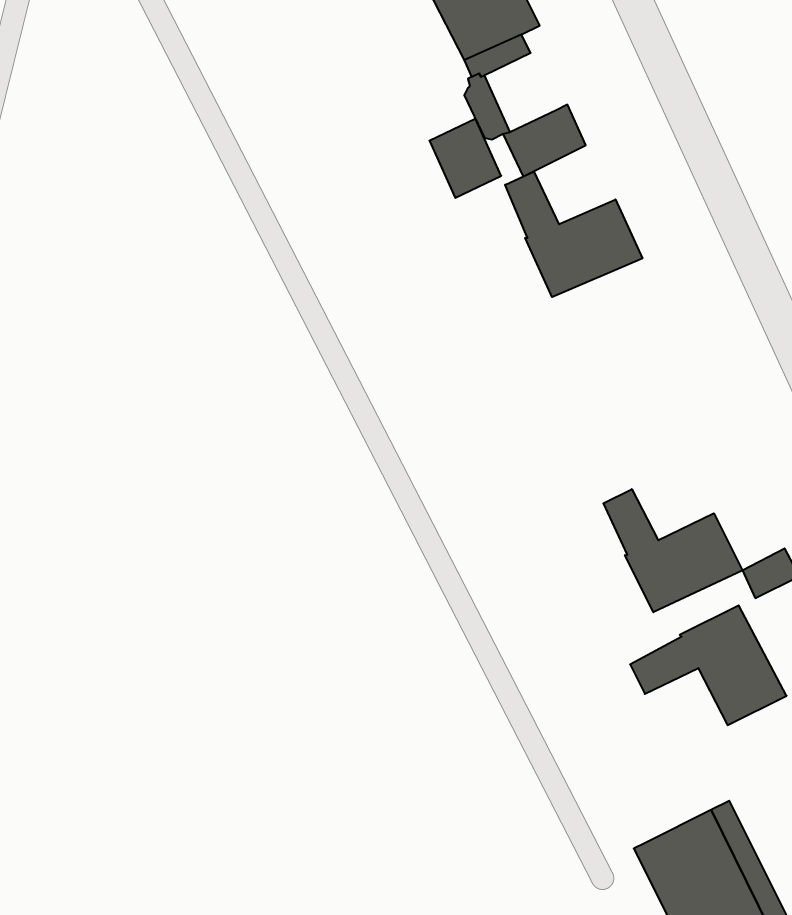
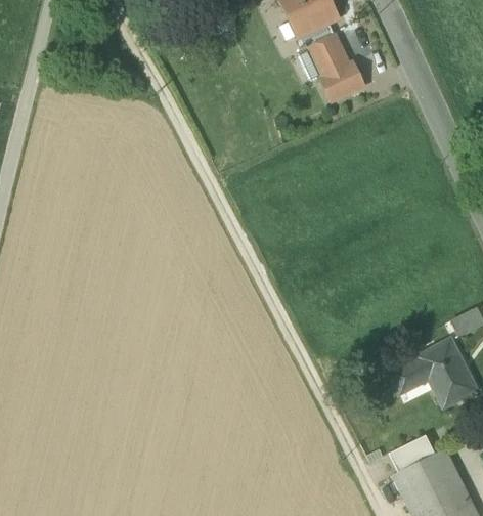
building: [429,119,501,198] -> [310,34,350,78]
building: [505,171,642,297] -> none
building: [603,489,742,612] -> none
building: none -> [390,436,436,473]

